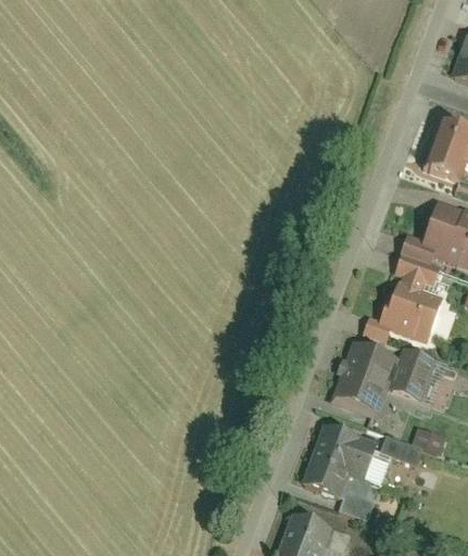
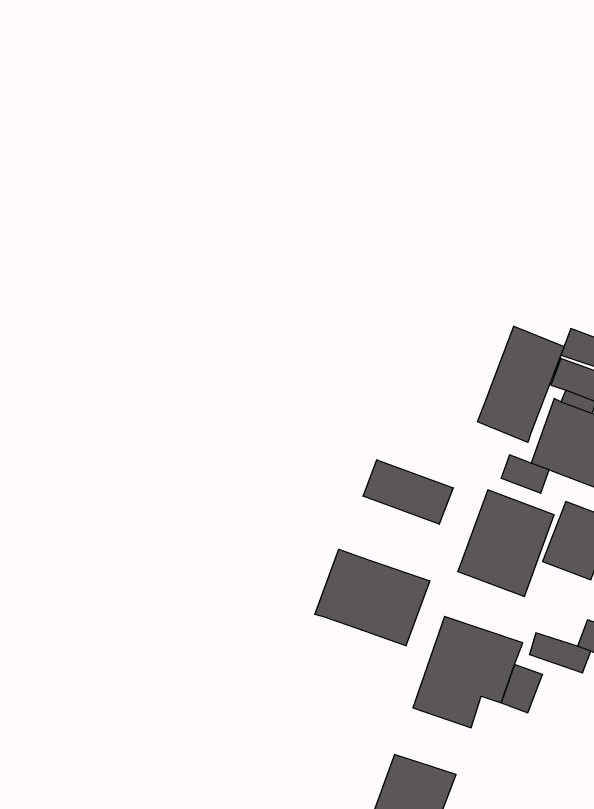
building: none -> [478,326,564,442]
building: none -> [363,460,453,524]
building: none -> [315,549,430,646]
building: [340,491,376,519] -> none

